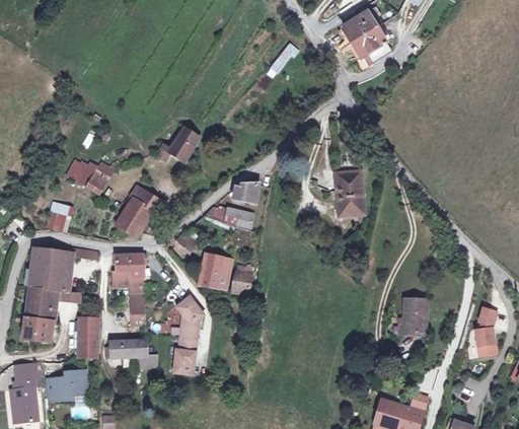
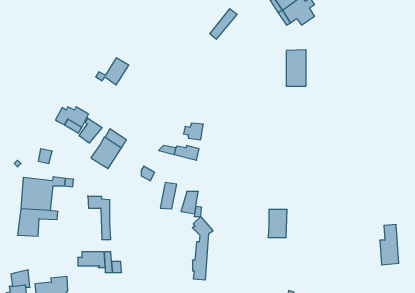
building: [160,129,201,162] -> [96,58,129,85]
building: [339,168,363,213] -> [286,50,306,86]
building: none -> [79,118,102,143]
building: [117,255,141,276] -> none
building: [174,293,200,371] -> [192,216,213,280]
building: [403,300,427,335] -> [268,209,287,237]
building: [74,303,96,356] -> none
building: [26,319,53,340] -> none

